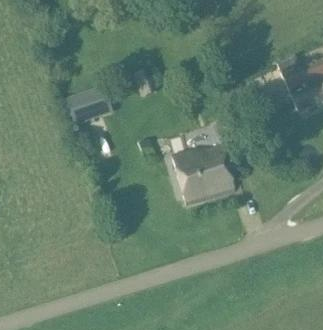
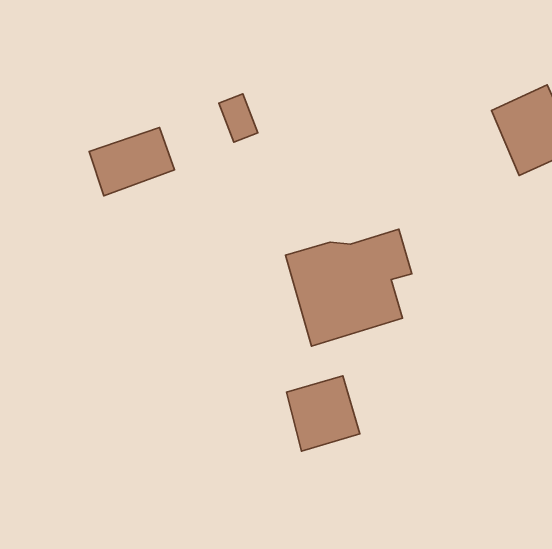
building: none -> [287,376,360,451]

